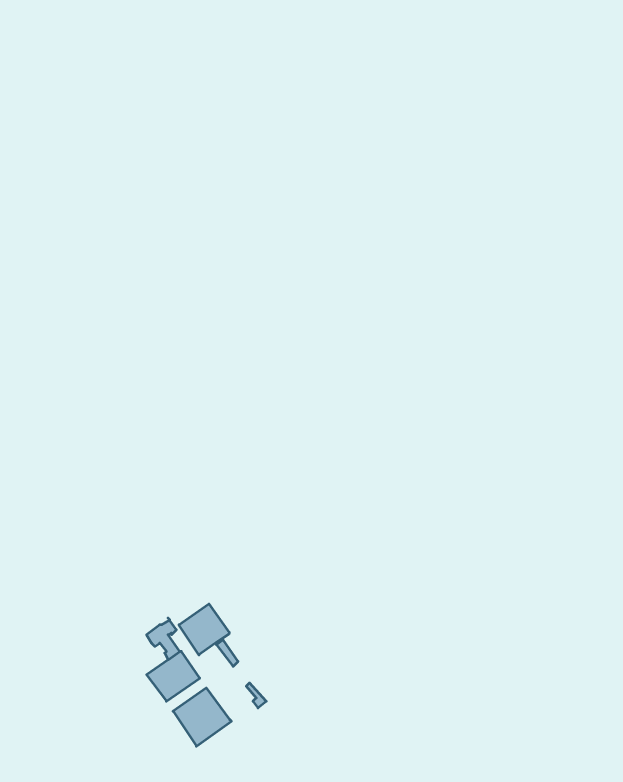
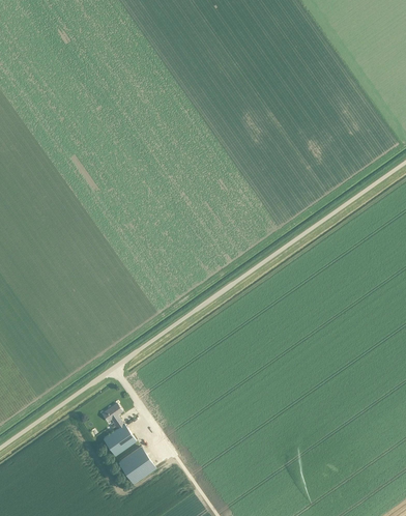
building: [179,604,229,655] -> none

